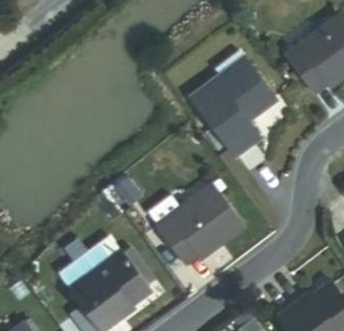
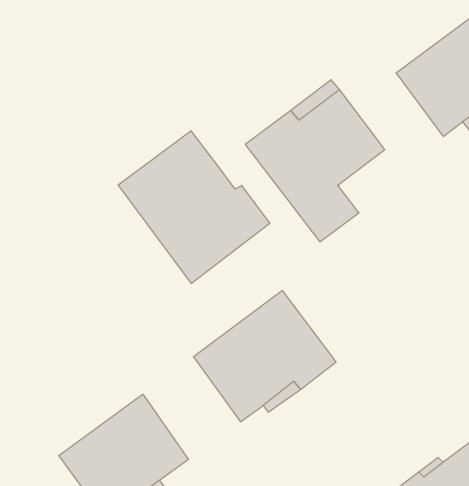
building: none -> [118,131,270,284]

